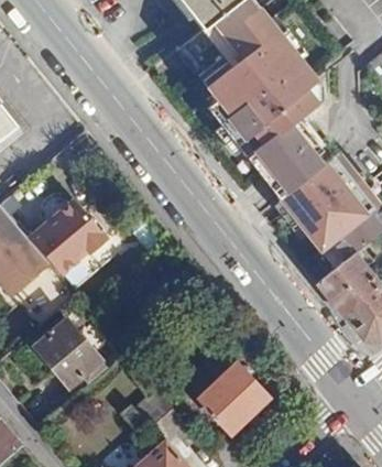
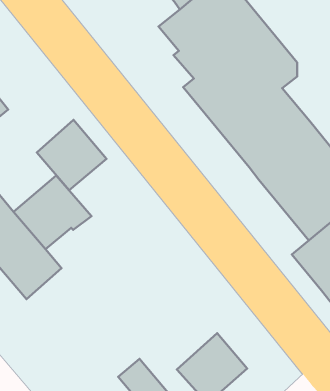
building: none -> [37,120,107,190]
building: [35,321,101,387] -> none

